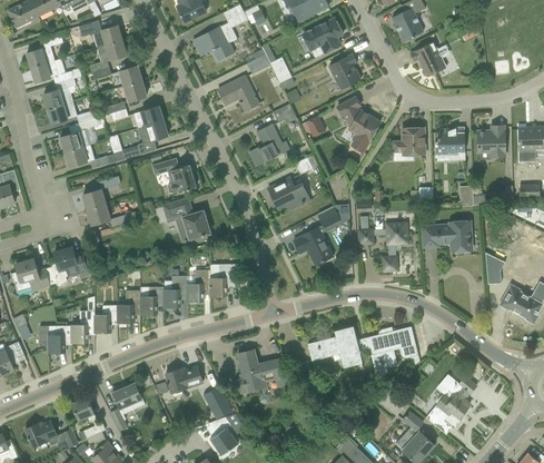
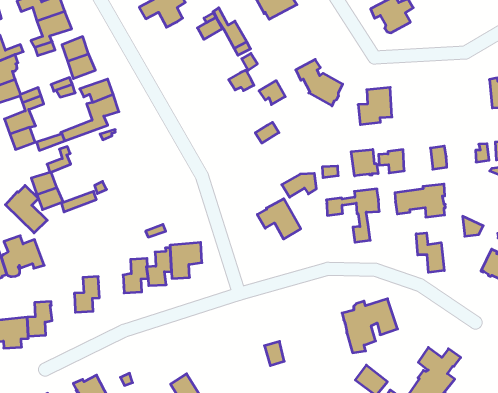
building: [327,55,360,90] -> none
building: [217,77,258,111] -> none
building: [249,125,288,166] -> none
building: [477,126,504,160] -> none
building: [434,127,464,161] -> none
building: [151,158,196,195] -> none
building: [267,178,309,208] -> none
building: none -> [351,149,378,176]
building: [162,198,209,243] -> none
building: none -> [5,185,47,233]
building: none -> [416,233,444,272]
building: [140,287,164,314] -> none
building: [93,306,117,333] -> none
building: [307,326,370,366] -> none
building: [237,349,290,393] -> none
building: [165,366,202,393] -> none

